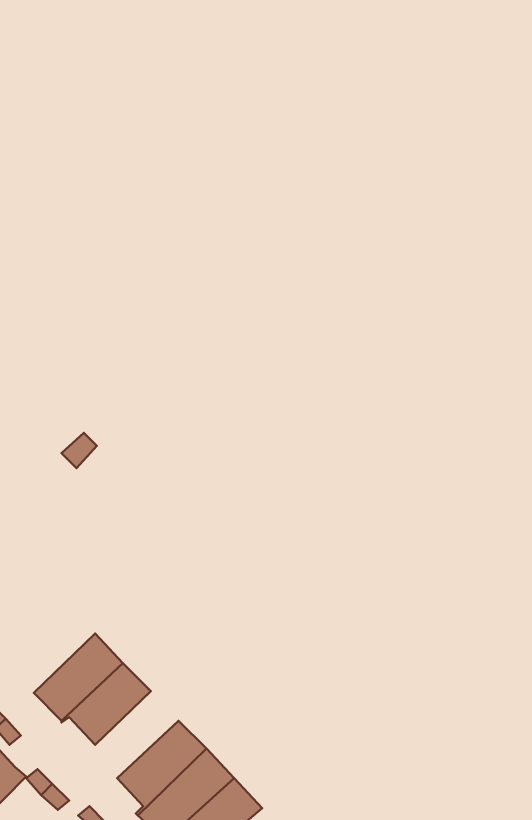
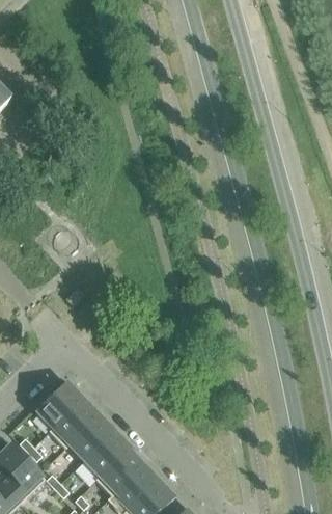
building: none -> [34,380,82,430]
building: none -> [82,429,129,478]

